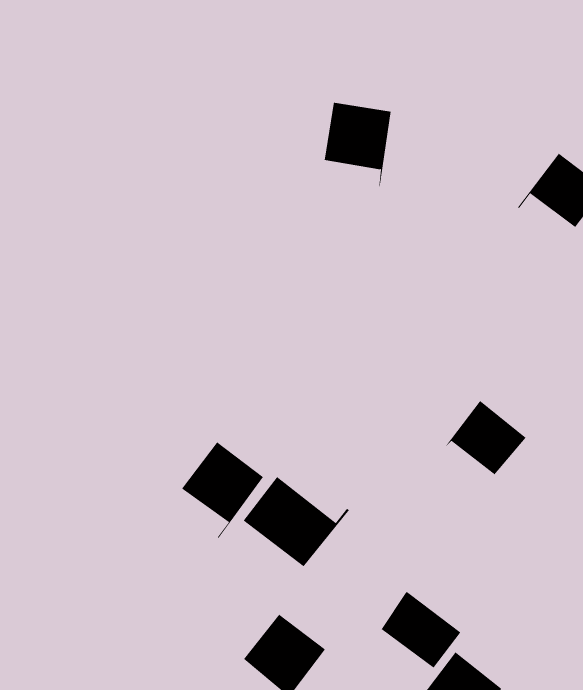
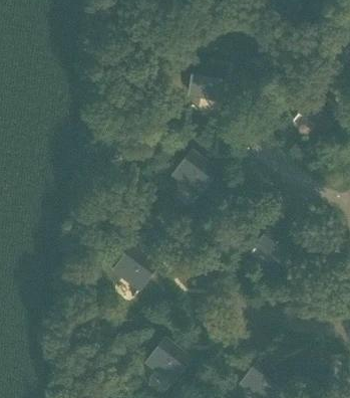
building: none -> [169,154,215,206]
building: [243,476,350,567] -> none
building: [381,579,461,668] -> none

